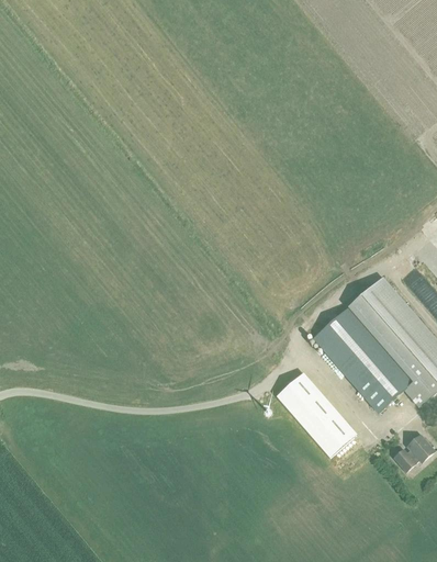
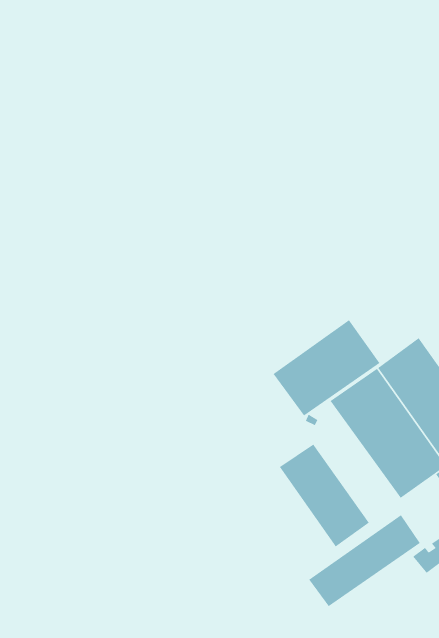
building: none -> [273,319,380,417]
building: none -> [308,514,421,607]

